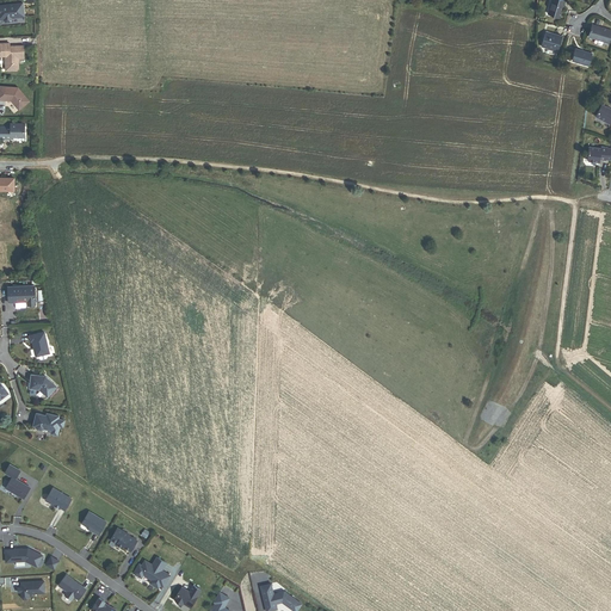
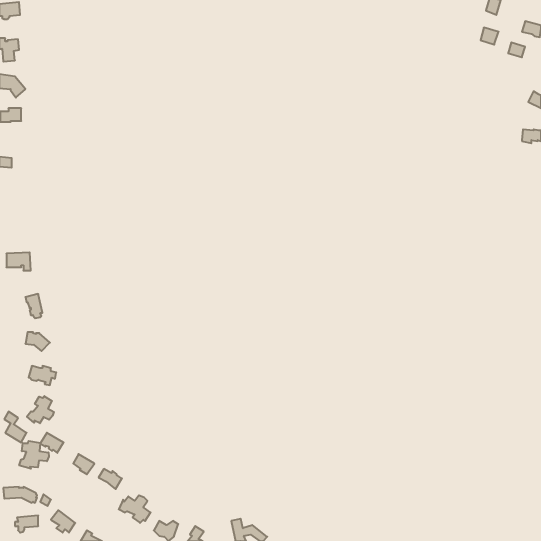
building: none -> [27,396,54,423]
building: none -> [19,441,49,469]

